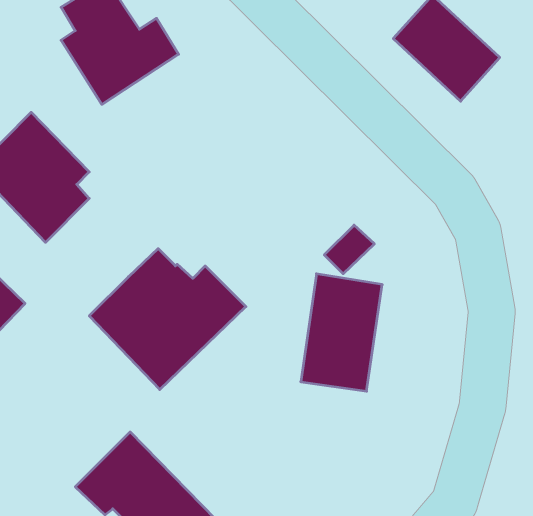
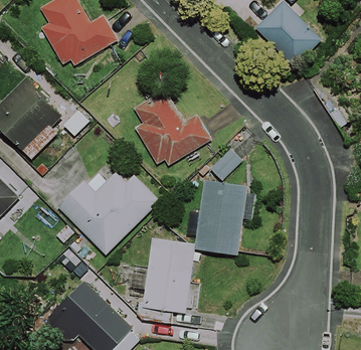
building: none -> [133,89,211,165]
building: none -> [127,237,194,312]

